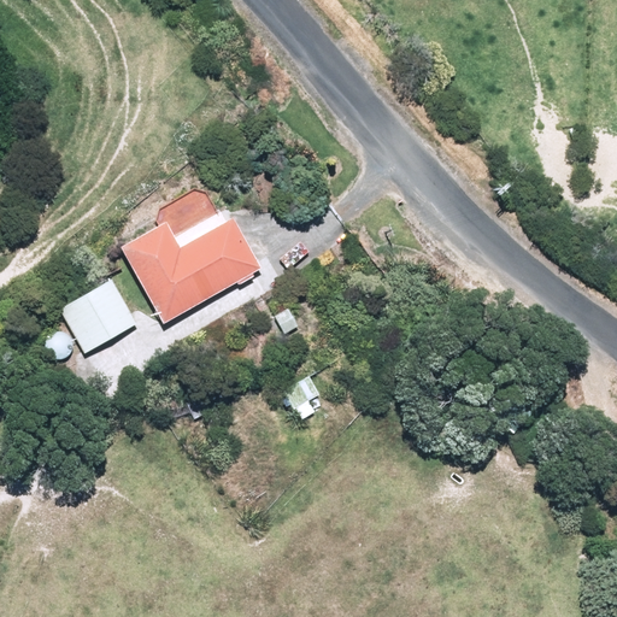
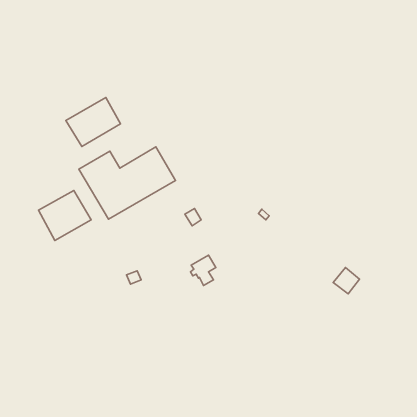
building: none -> [66,97,121,147]

